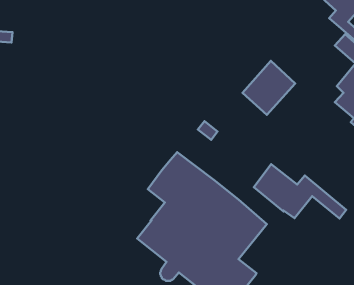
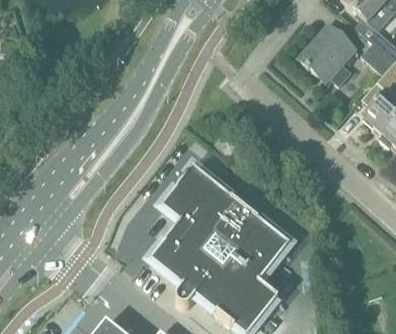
building: [242,61,295,115] -> [299,22,356,80]
building: [254,164,346,219] -> none

